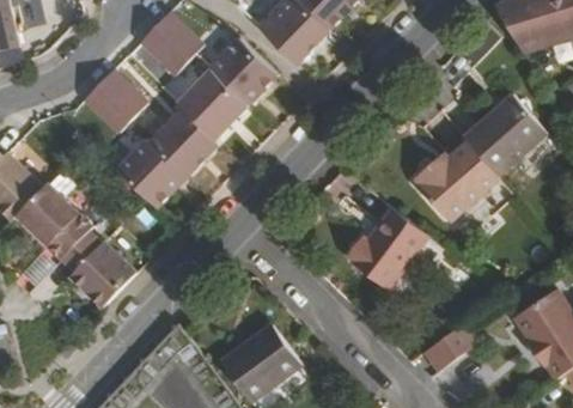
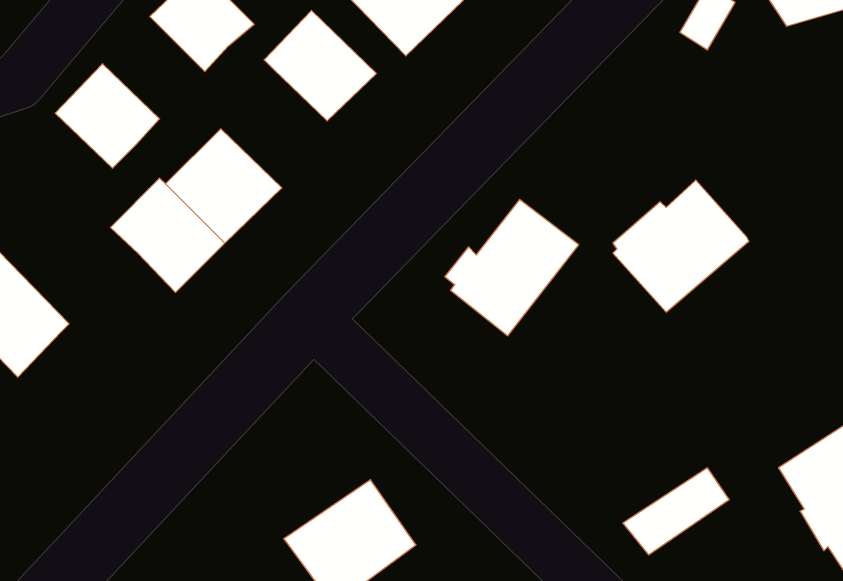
building: [178,74,251,146] -> none
building: [465,95,548,176] -> none
building: [350,208,432,291] -> [445,200,579,336]
building: [57,233,130,310] -> none

